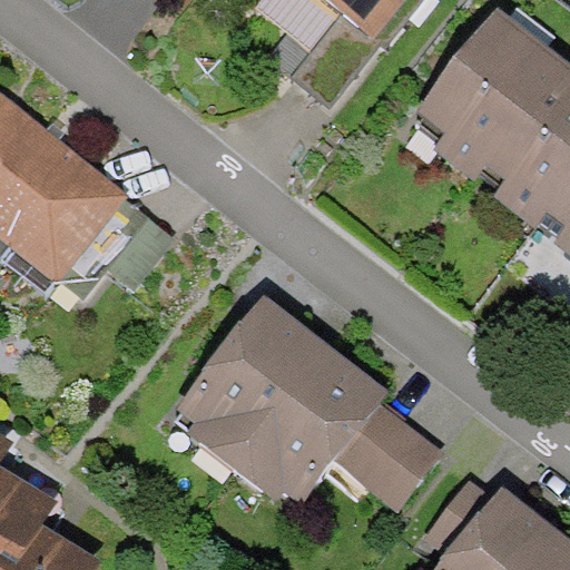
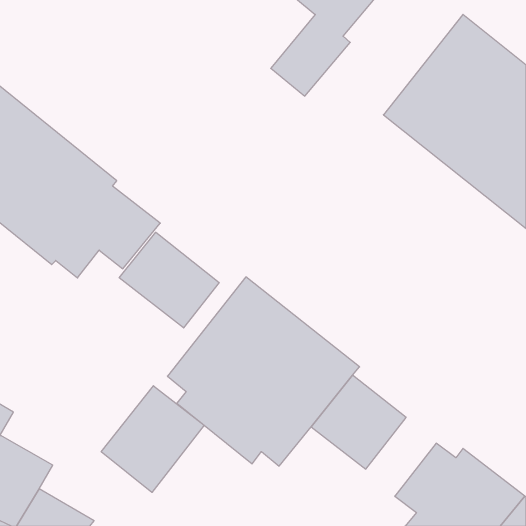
building: none -> [119,232,219,328]
building: none -> [101,386,204,492]

